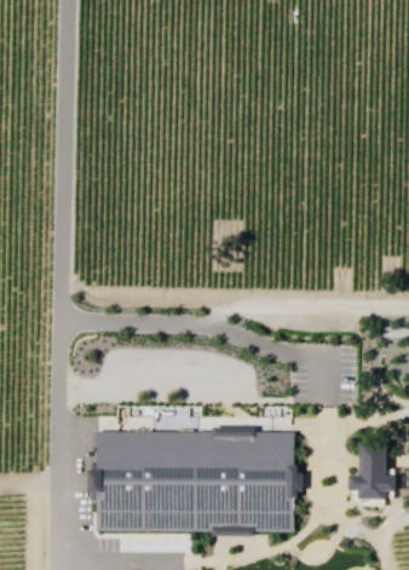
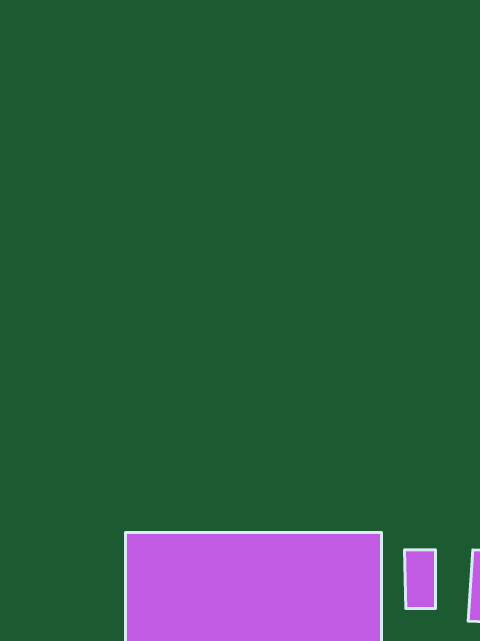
building: none -> [404,550,436,608]

